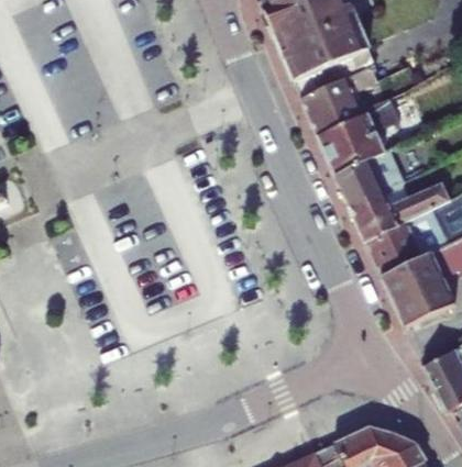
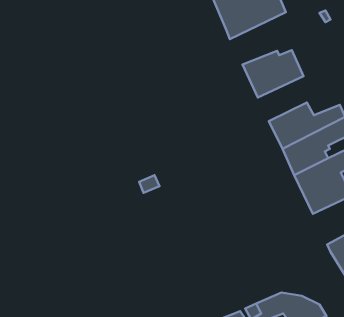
building: [300,63,382,131] -> none
building: [337,146,409,204] -> none

